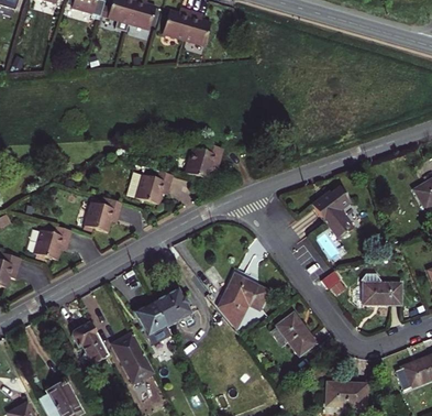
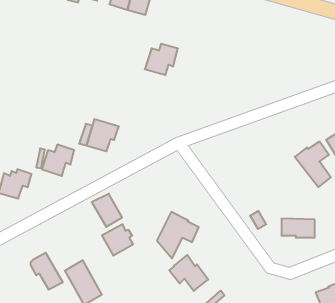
building: [185,142,223,178] -> [145,44,178,75]
building: [309,184,351,237] -> [295,142,331,187]
building: [134,302,169,340] -> [92,194,122,227]
building: [270,314,315,355] -> [169,255,208,291]

